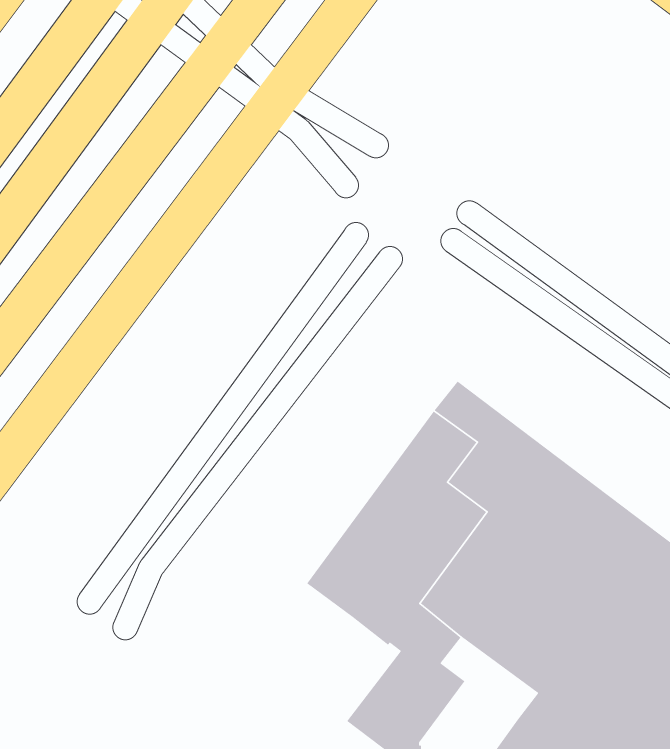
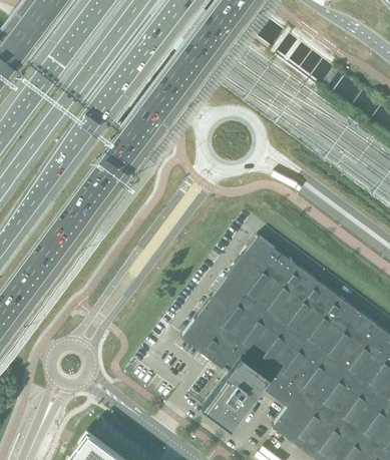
building: none -> [251,366,299,407]

